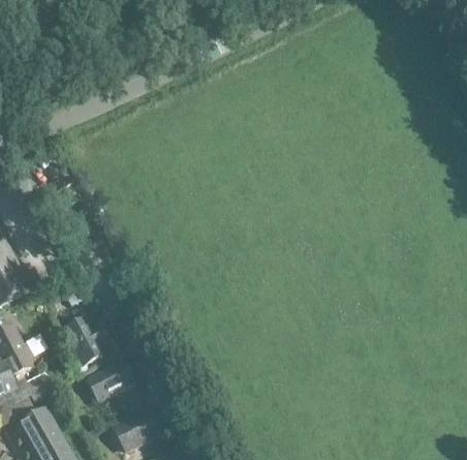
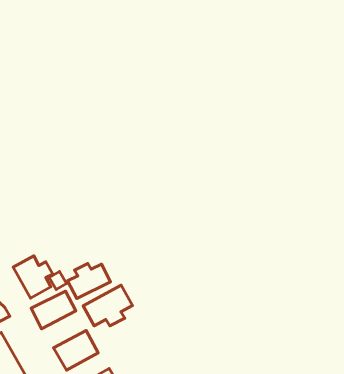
building: none -> [68,264,111,299]
building: none -> [83,285,132,326]

